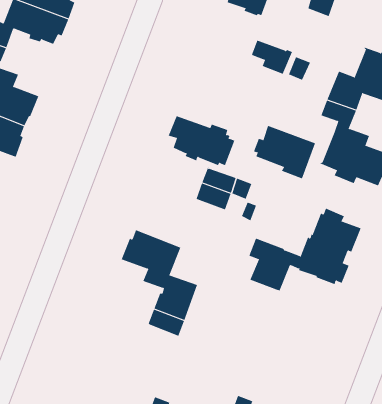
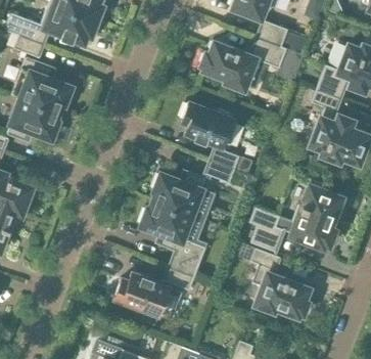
building: none -> [257,20,288,48]
building: [253,125,316,179] -> [202,43,256,89]
building: none -> [153,172,206,216]
building: none -> [250,249,309,316]
building: none -> [114,273,170,317]

